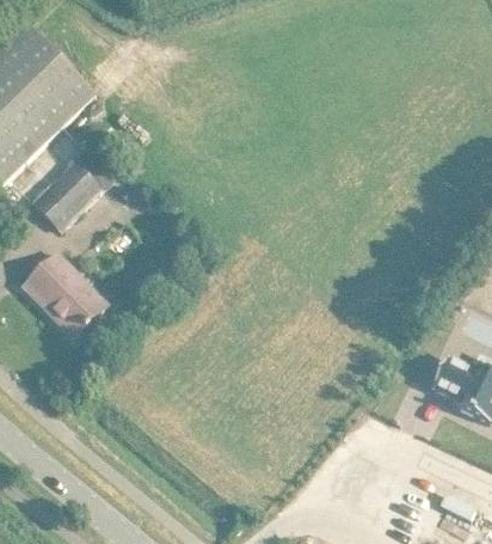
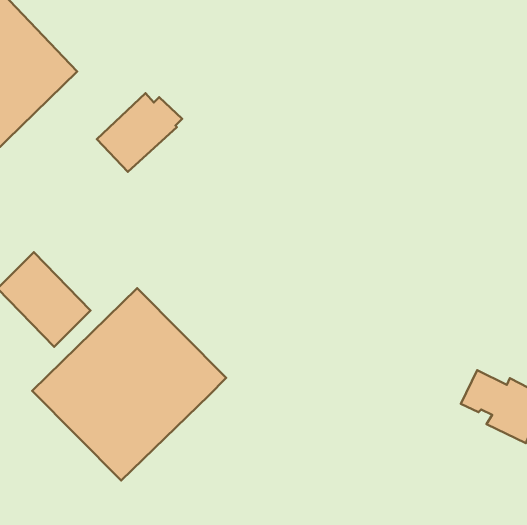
building: [33,159,109,228] -> [97,93,182,172]
building: none -> [32,288,226,480]

